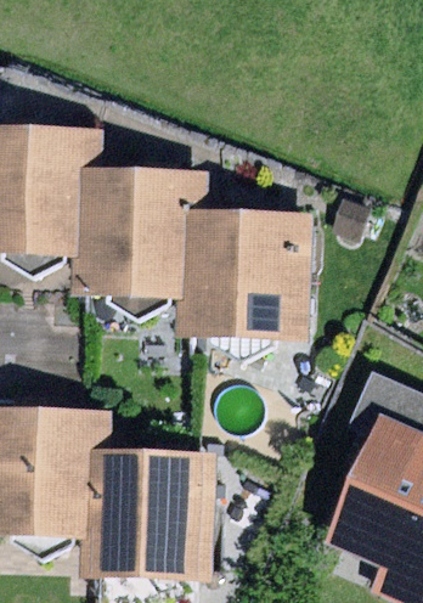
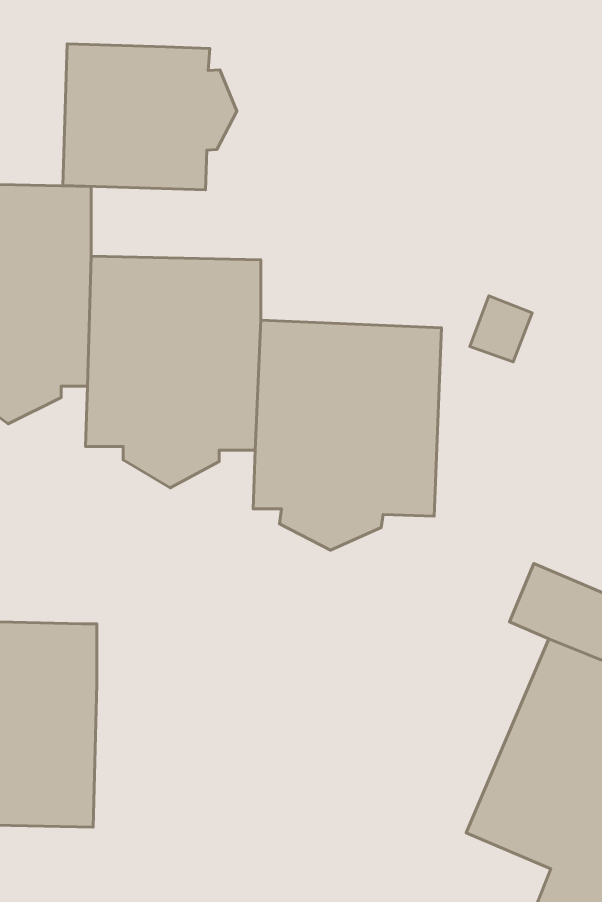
building: none -> [63,44,237,190]
building: [89,446,213,577] -> none

